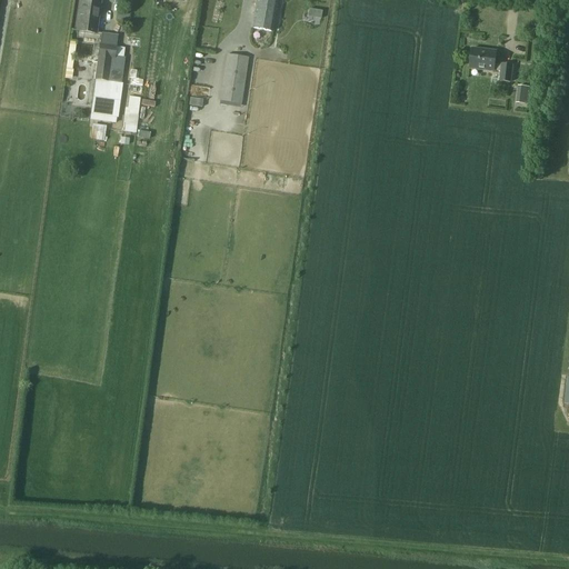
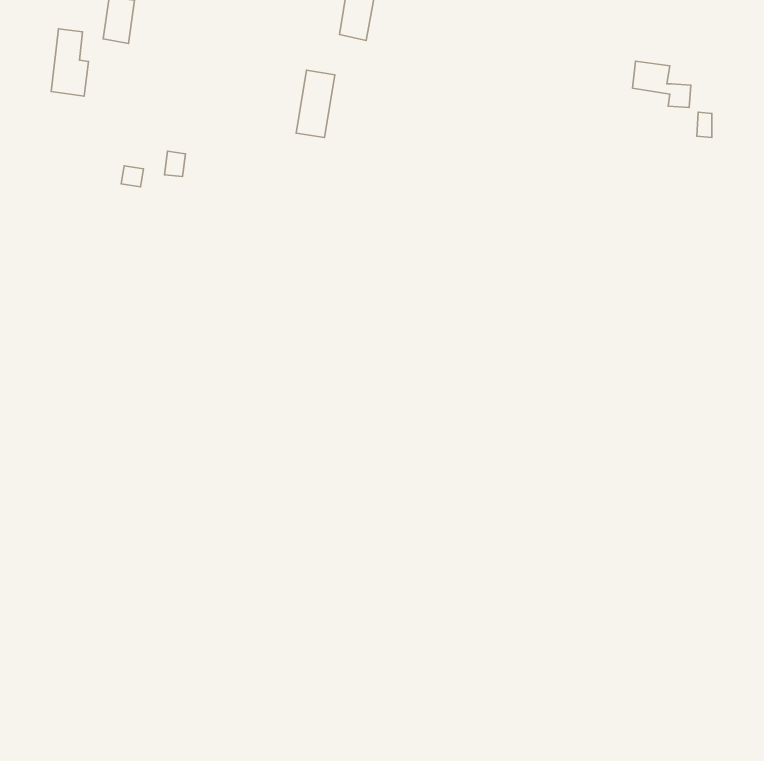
building: [97,30,124,80] -> [51,29,89,96]
building: [92,87,122,109] -> none

